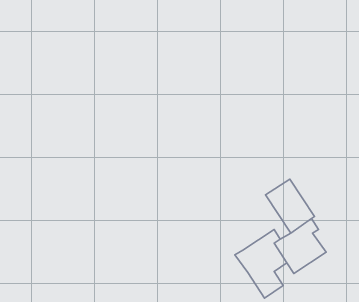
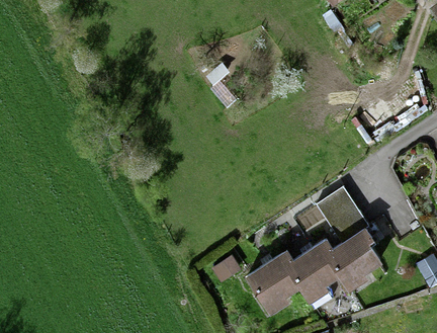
building: none -> [246,252,297,307]

